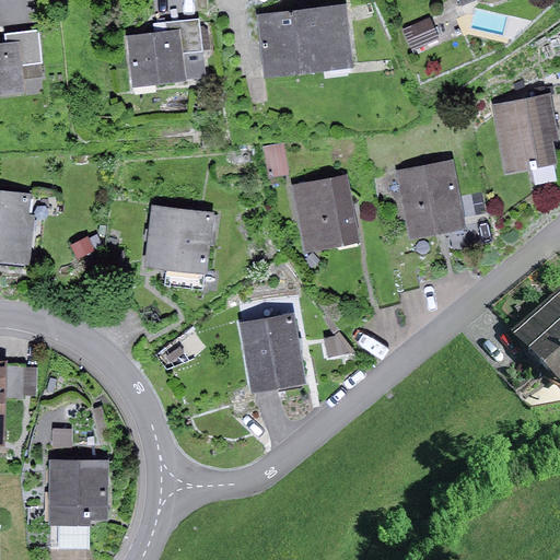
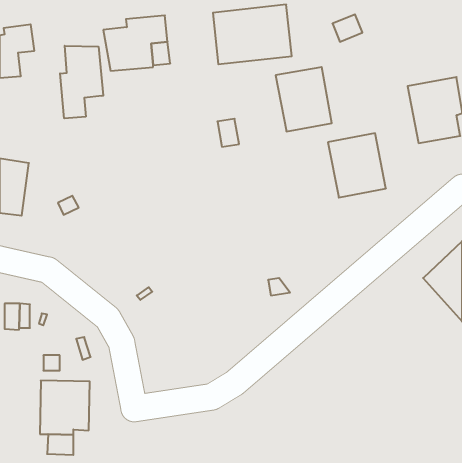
building: none -> [60,46,103,118]
building: [291,174,359,252] -> [276,67,332,131]
building: [147,209,214,271] -> none
building: [240,313,305,392] -> none

